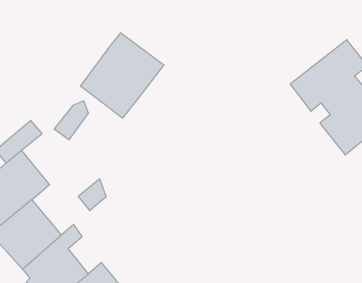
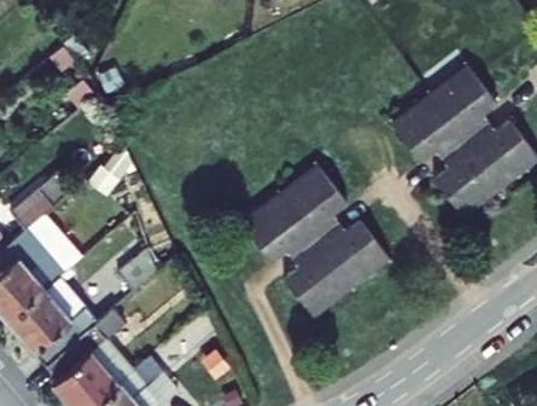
building: [80,33,164,118] -> none
building: none -> [243,167,385,312]

